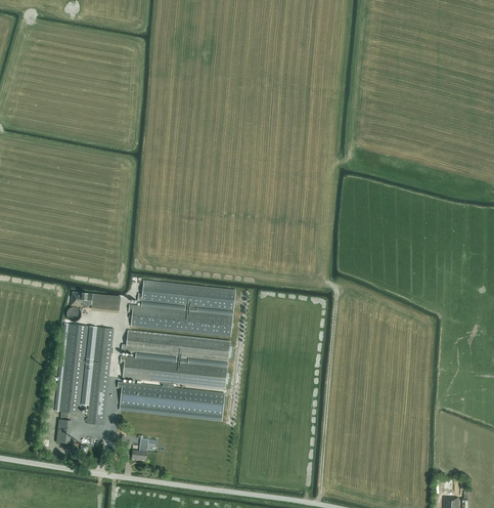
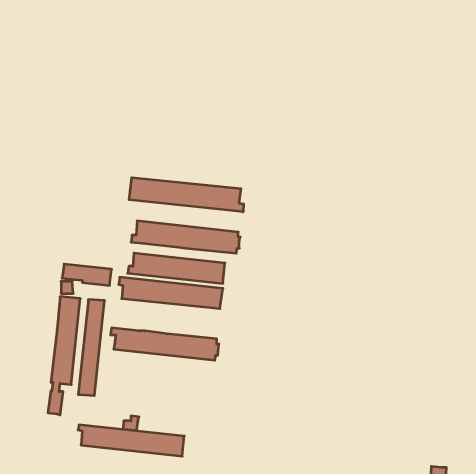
building: none -> [129,178,244,212]
building: [121,329,231,362] -> [131,221,240,253]
building: [117,382,224,414] -> [78,425,184,456]

